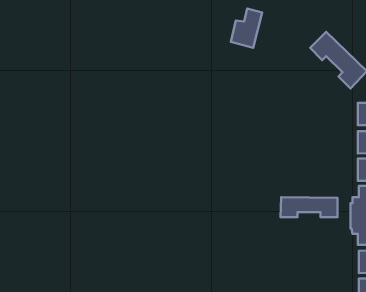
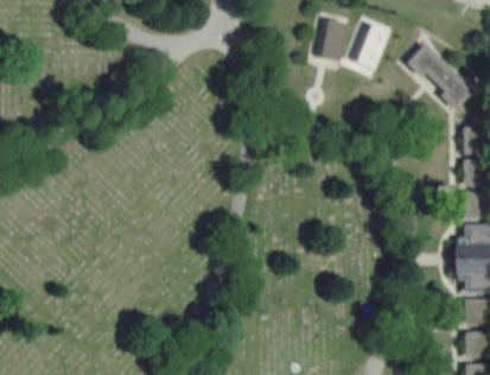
building: none -> [346,19,396,72]
building: [280,197,338,217] -> none

